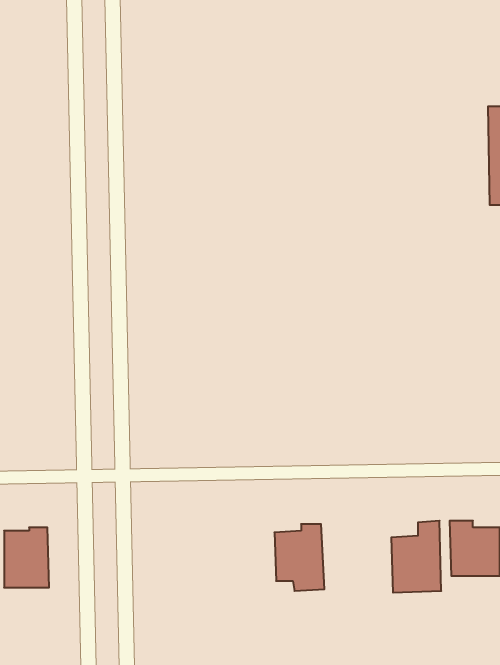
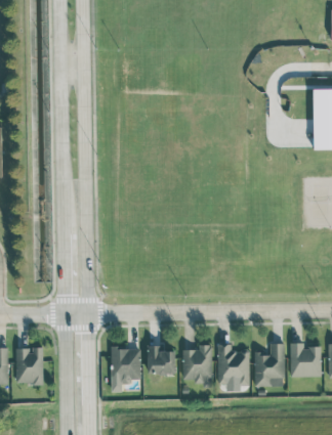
building: none -> [217,343,250,385]
building: none -> [148,345,175,373]
building: none -> [111,347,141,391]

